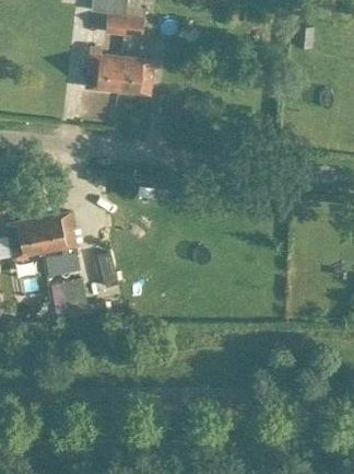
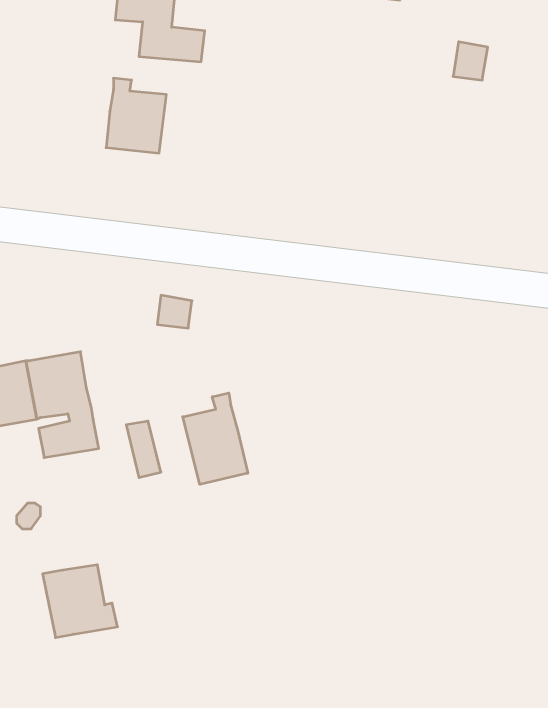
building: [118,58,154,96] -> none
building: none -> [183,393,248,484]
building: [50,281,95,325] -> [43,565,118,638]

